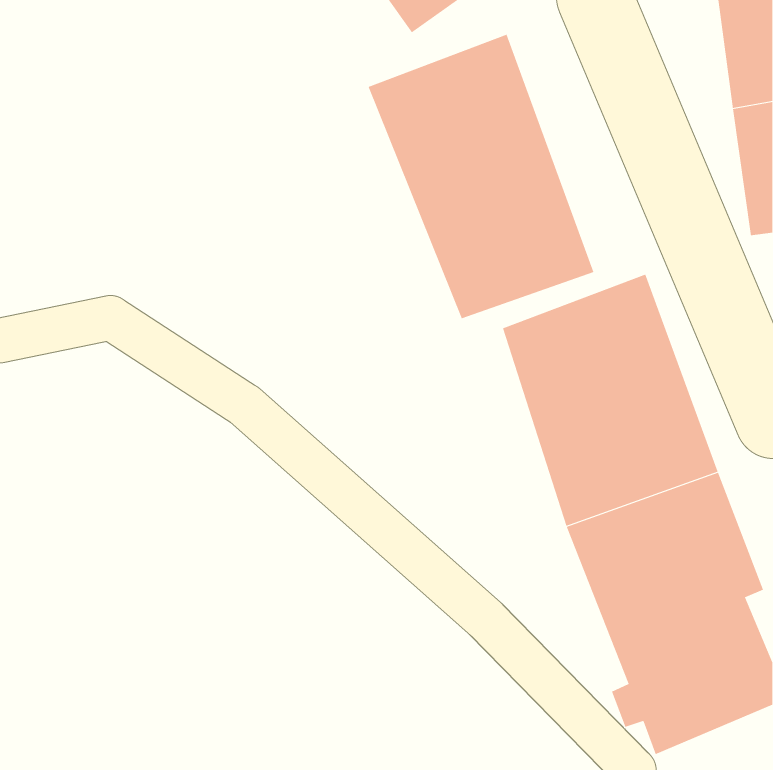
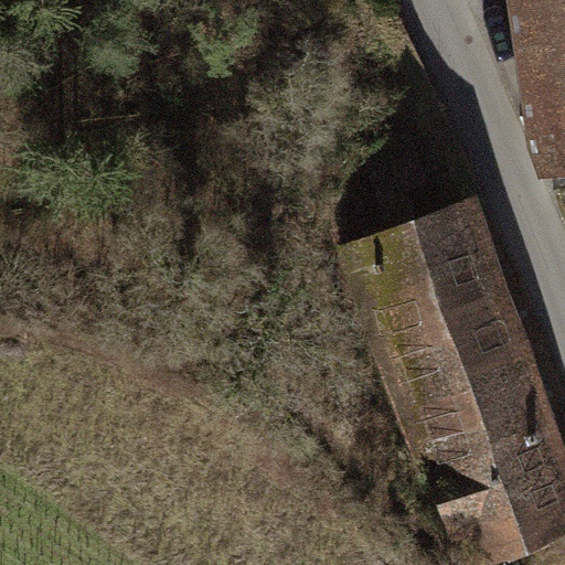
building: [368,34,594,319] -> none

